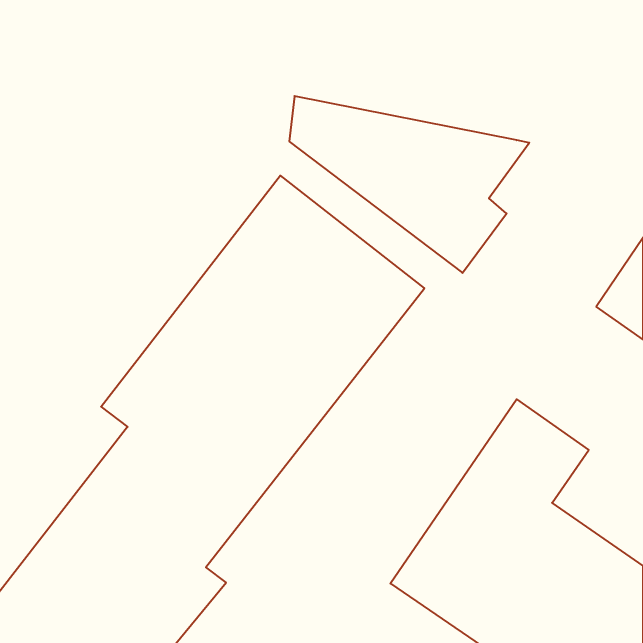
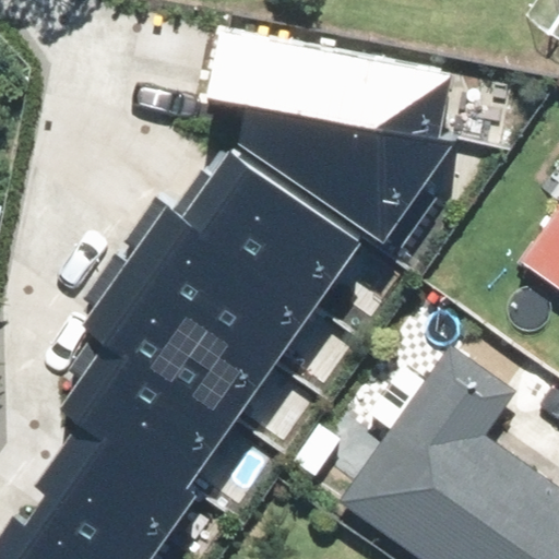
building: none -> [216,14,456,123]

